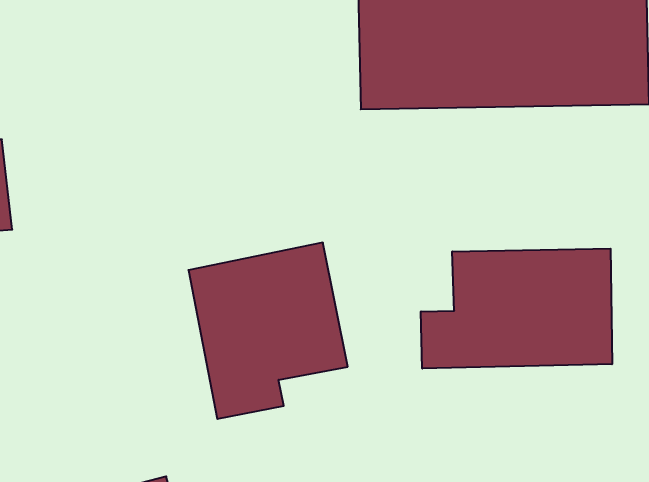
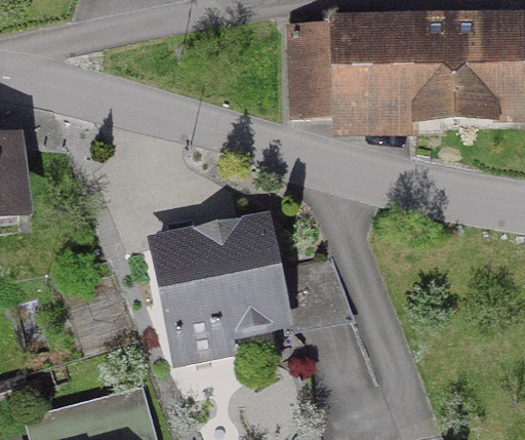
building: [421,249,612,369] -> none

